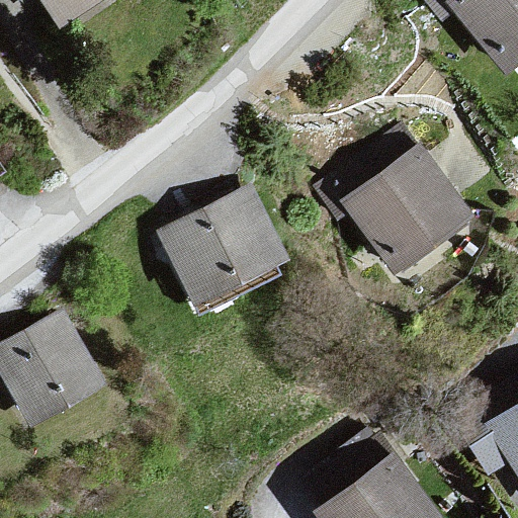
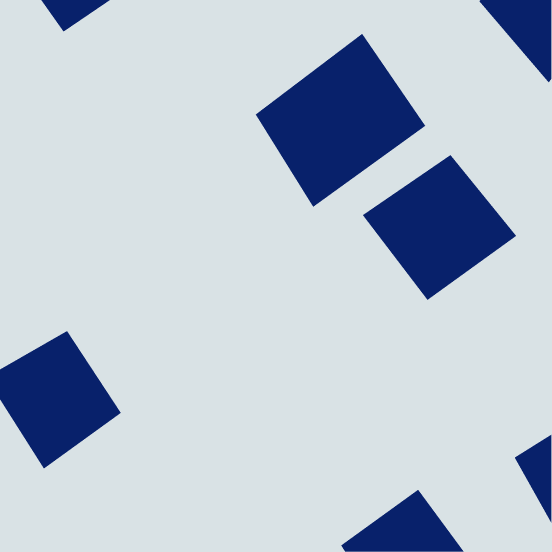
building: none -> [255,33,426,208]
building: [156,184,294,307] -> none

